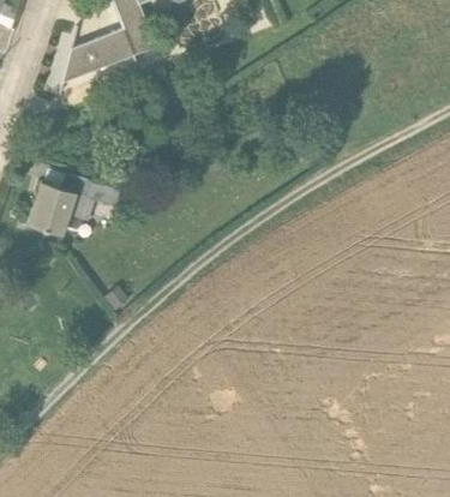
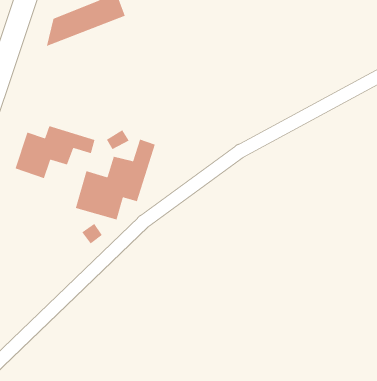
building: none -> [75,139,156,221]

